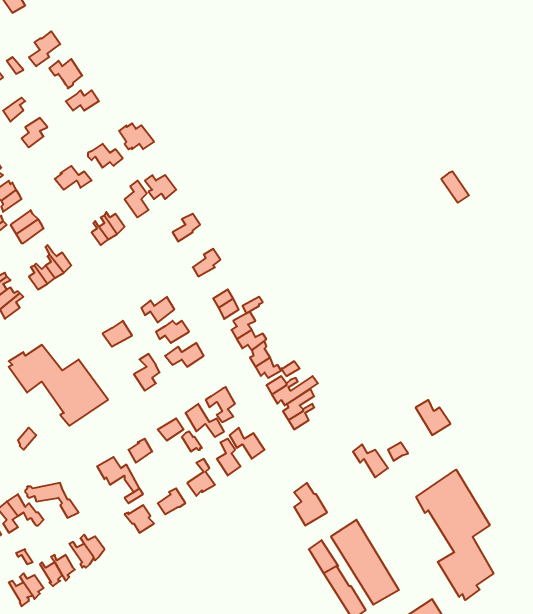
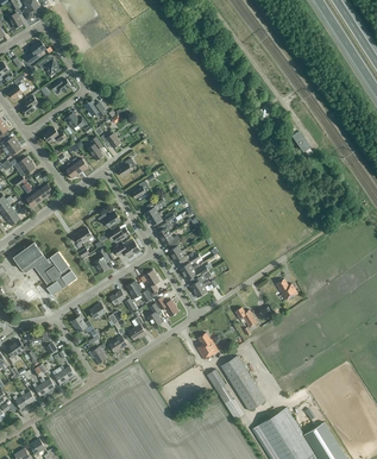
building: [416,470,493,600] -> none

